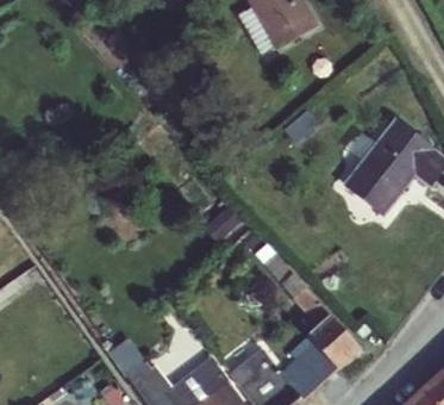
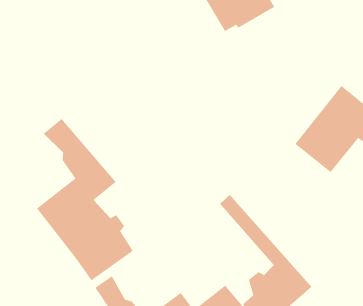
building: none -> [36,118,134,281]

